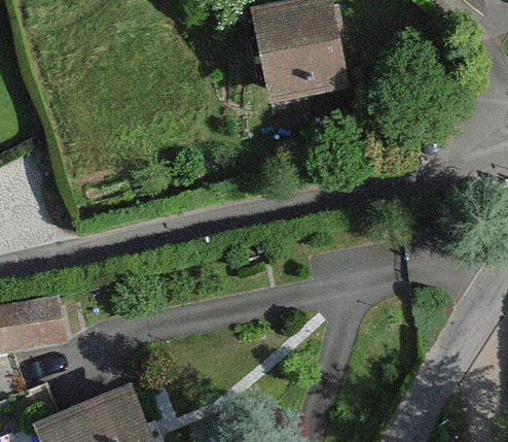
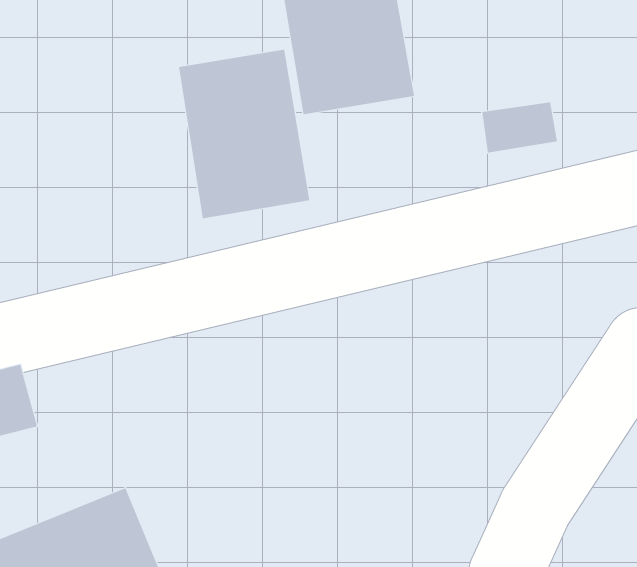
building: none -> [178,49,310,219]

